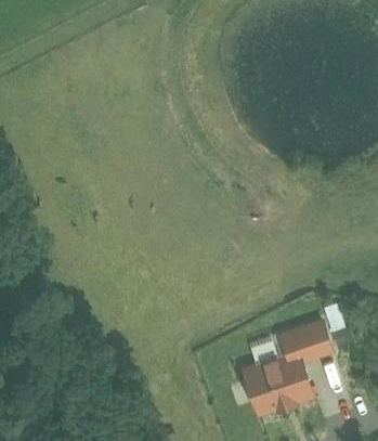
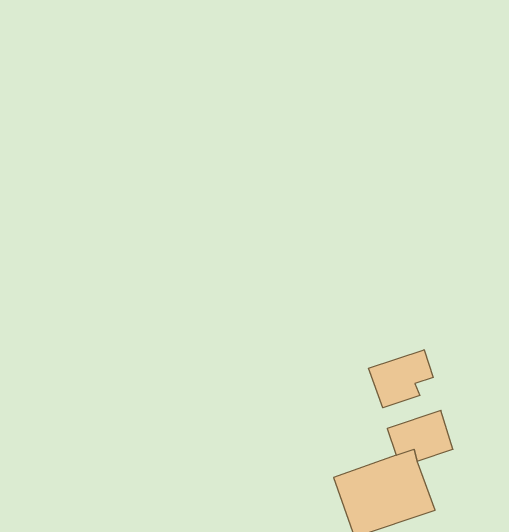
building: none -> [369,350,433,408]

